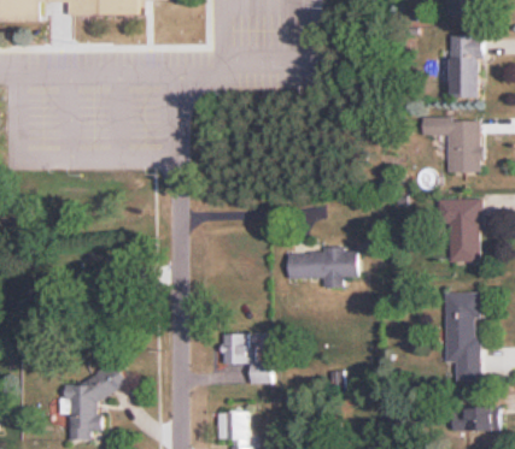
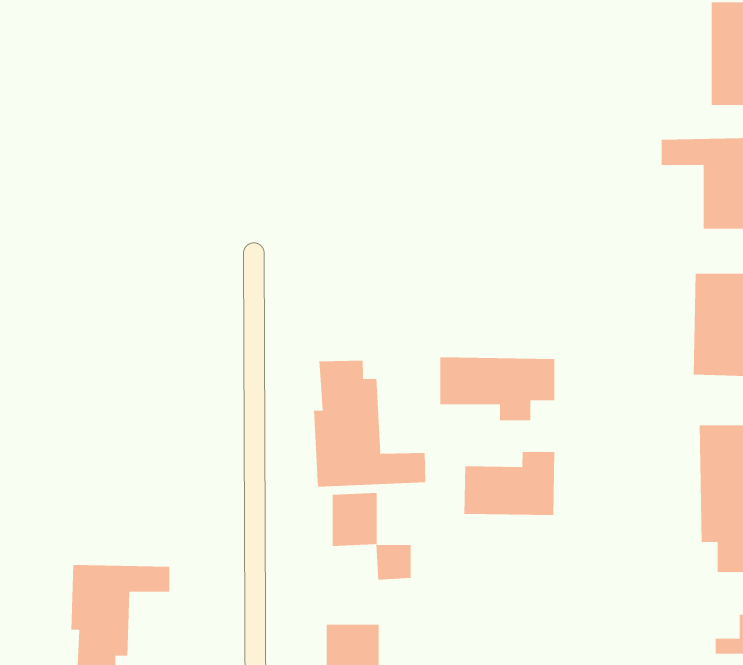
building: none -> [313,360,426,487]
building: none -> [464,451,555,516]

